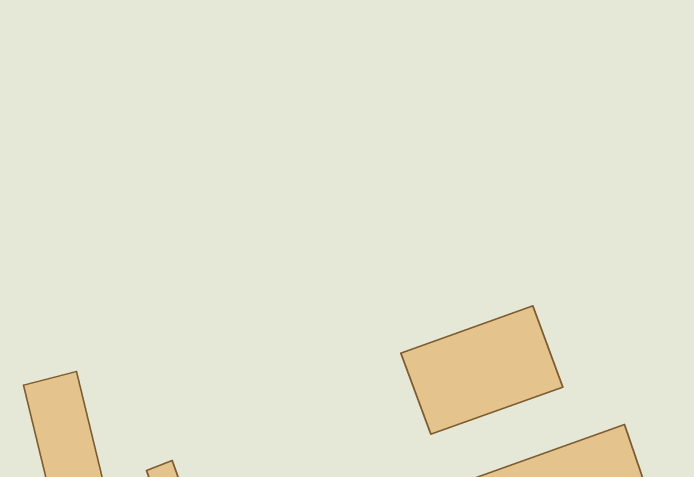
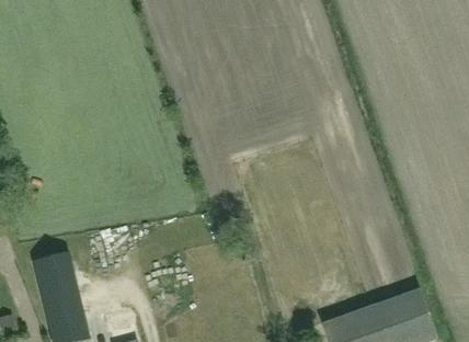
building: [401,306,563,434] -> none

